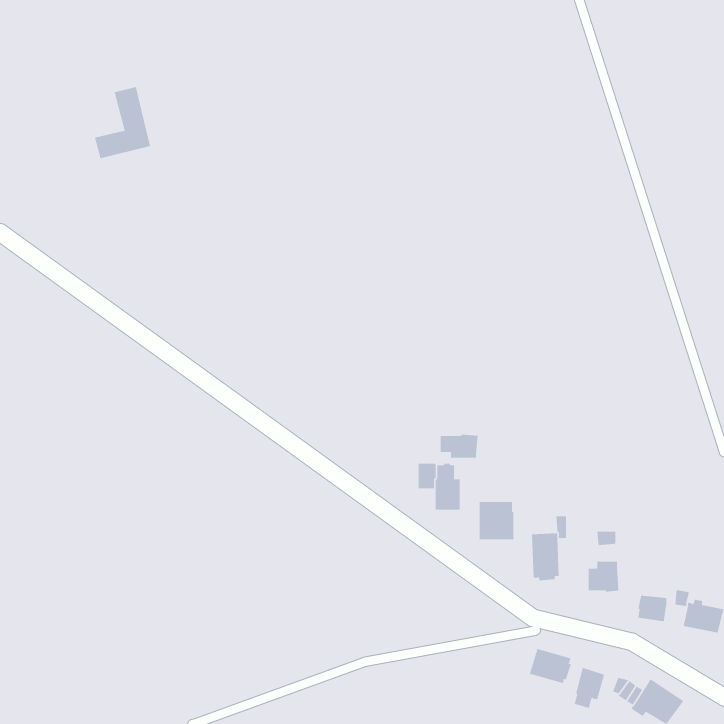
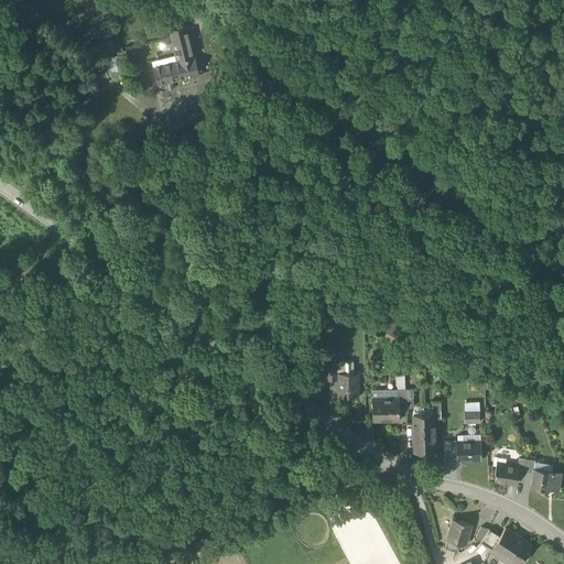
building: [94,87,151,159] -> [154,28,198,84]
building: [440,434,478,458] -> none
building: [529,648,572,684] -> none

